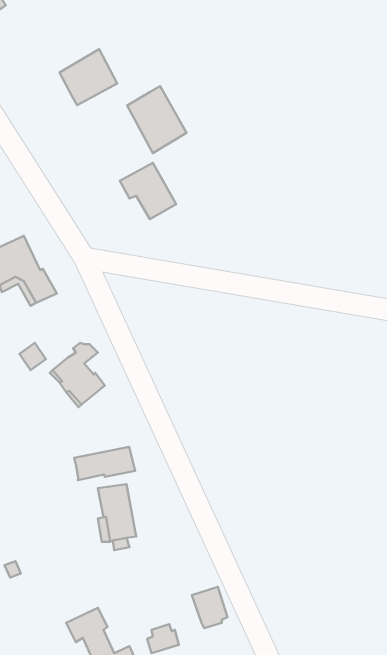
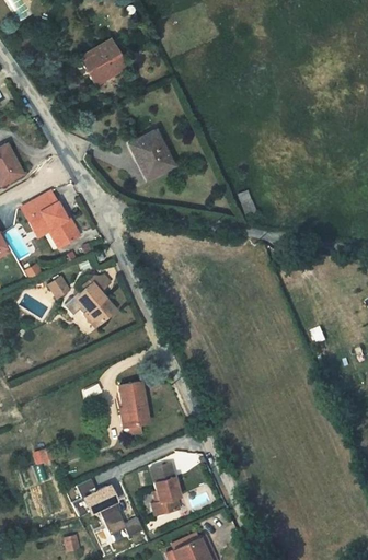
building: [127,86,187,153] -> none
building: [74,447,135,480] -> none
building: [192,587,227,628] -> [145,470,173,503]

